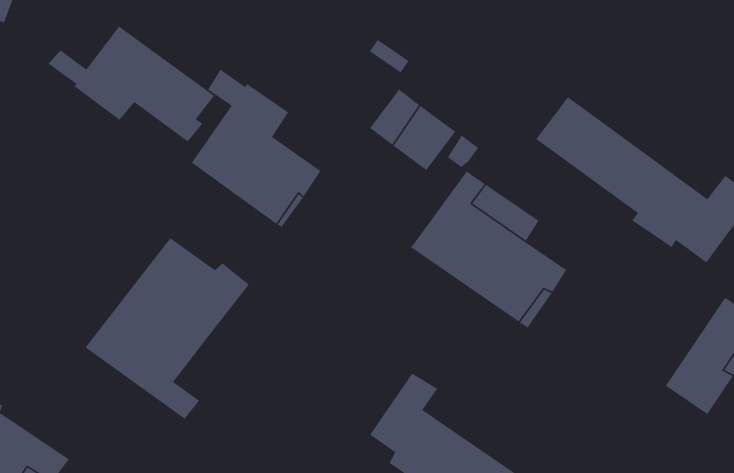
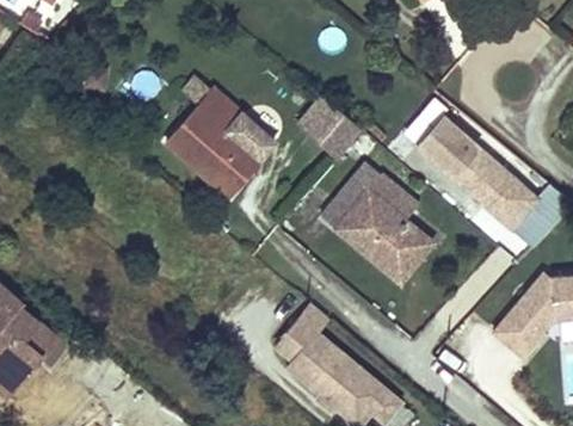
building: [48,26,215,143] -> none
building: [85,237,250,420] -> none

